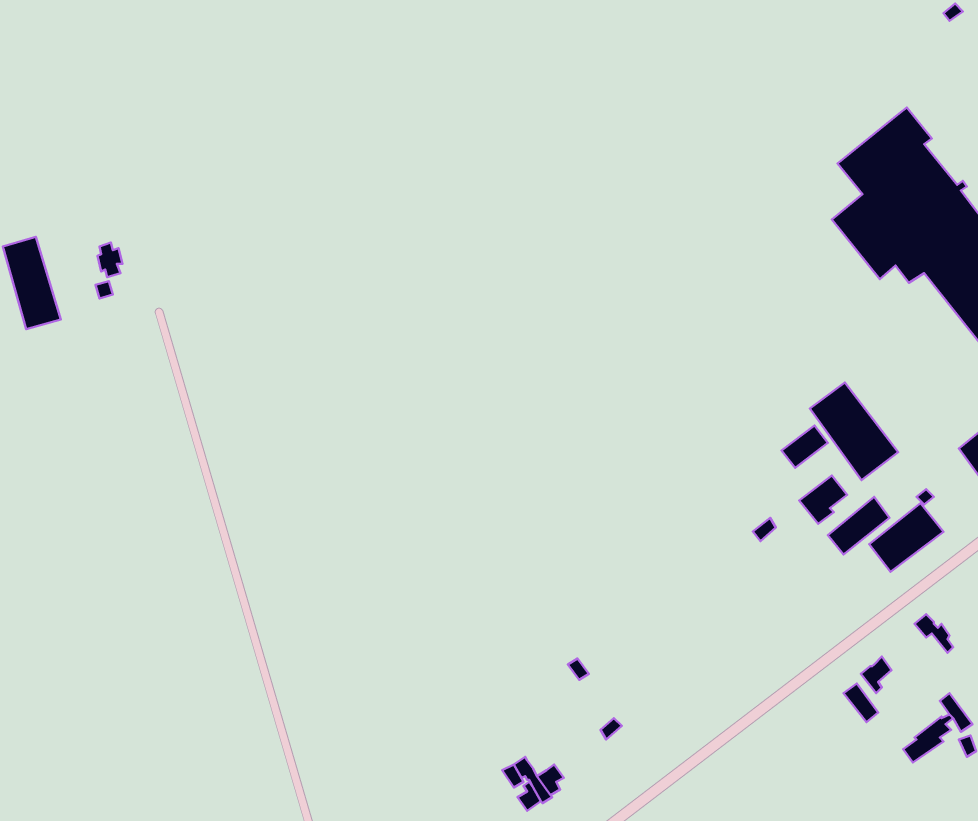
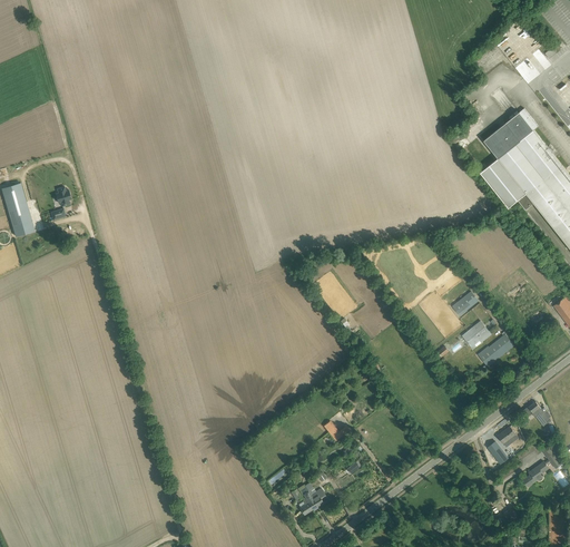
building: [810,382,898,480] -> none
building: [869,503,944,572] -> none

